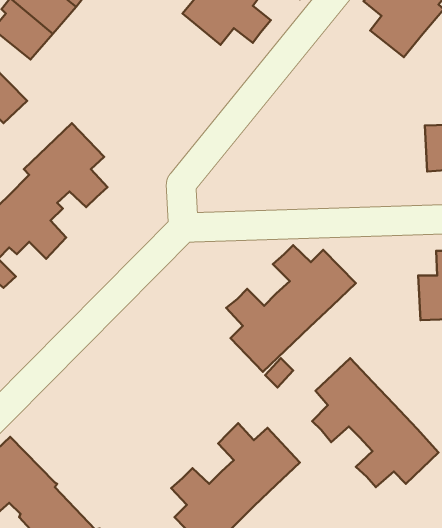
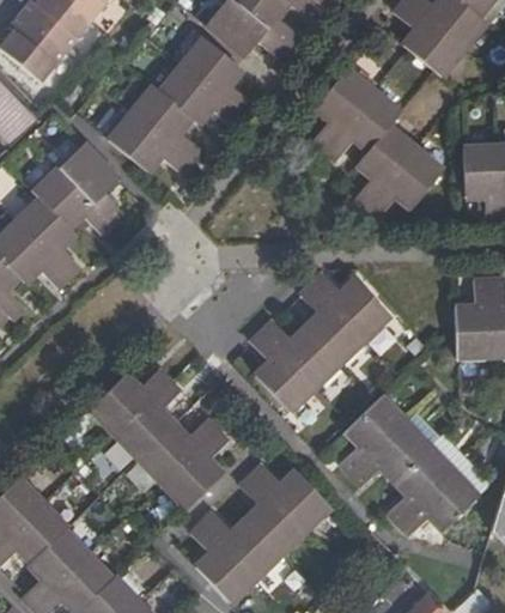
building: none -> [110,38,250,174]
building: none -> [315,68,443,216]
building: none -> [91,370,227,508]

